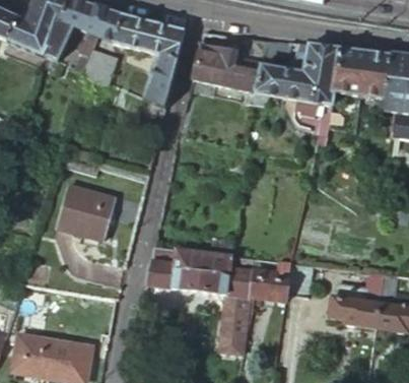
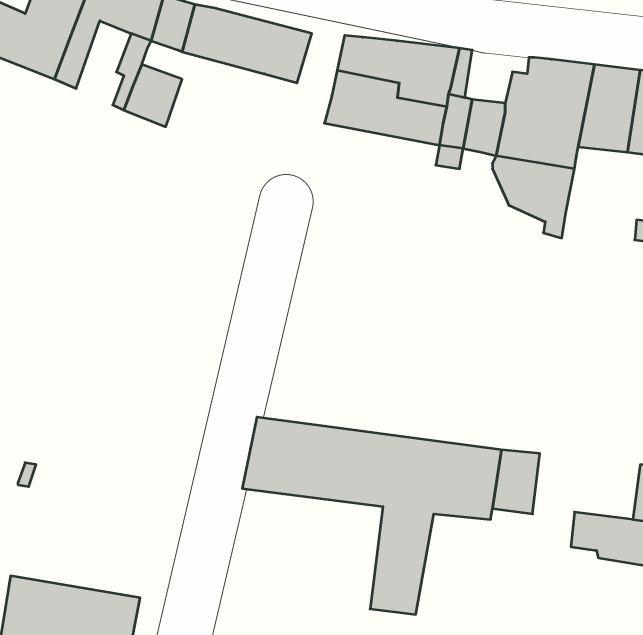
building: [142,53,178,109] -> none
building: [55,183,115,239] -> none

